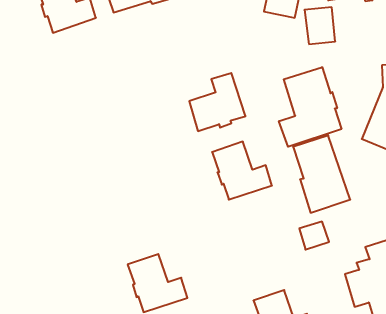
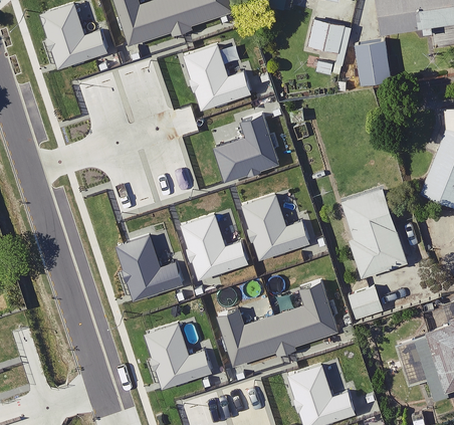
building: none -> [185,44,253,111]
building: [279,67,341,147] -> none
building: none -> [183,214,251,280]
building: none -> [118,234,186,300]
building: none -> [219,282,342,367]

